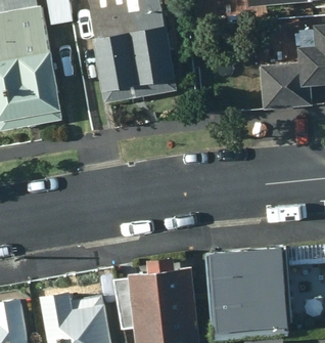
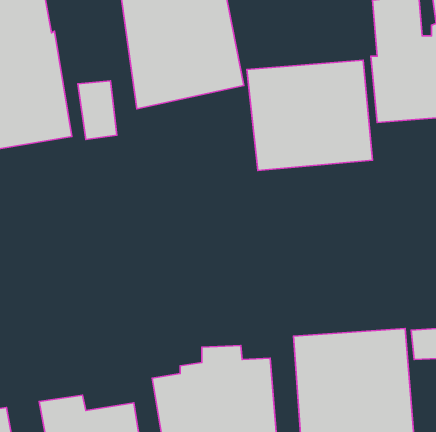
building: none -> [247,60,372,171]

